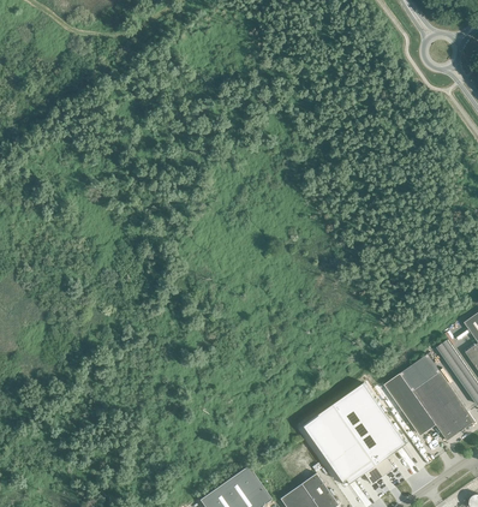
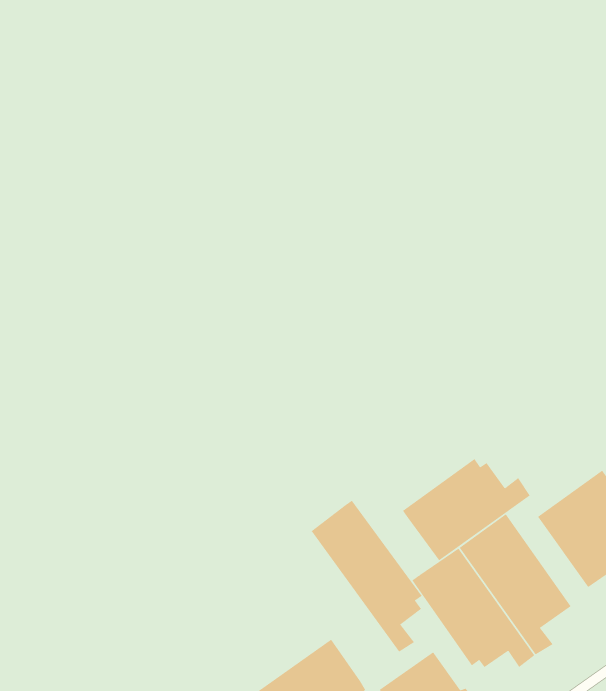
building: none -> [402,458,531,561]
building: none -> [311,500,422,653]

